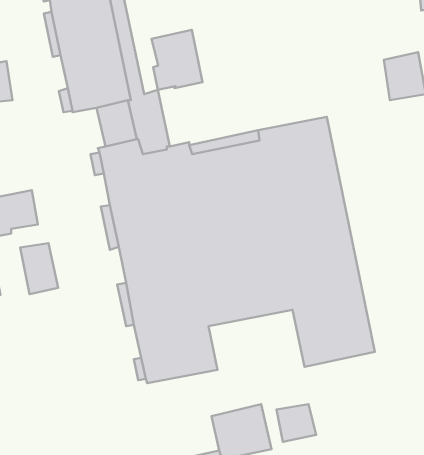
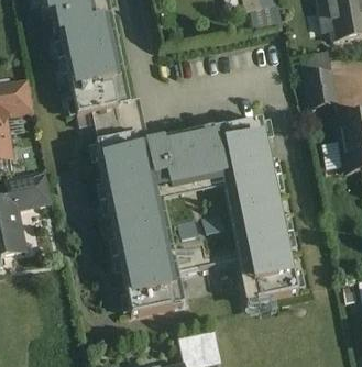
building: [152,30,203,90] -> none
building: [20,243,58,294] -> none
building: [276,404,316,442] -> none

